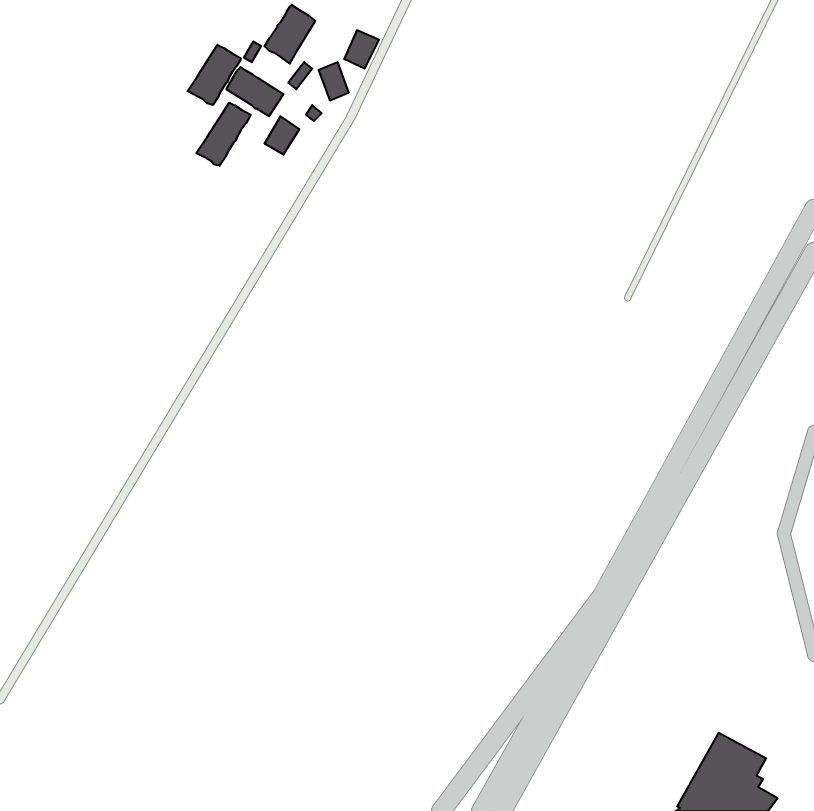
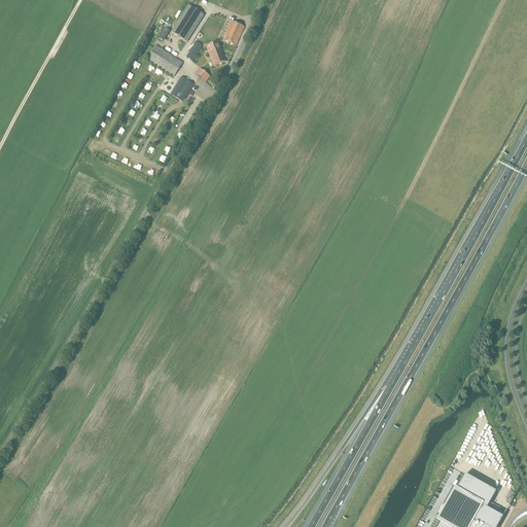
building: [187,45,241,105] -> none
building: [196,103,251,166] -> none

